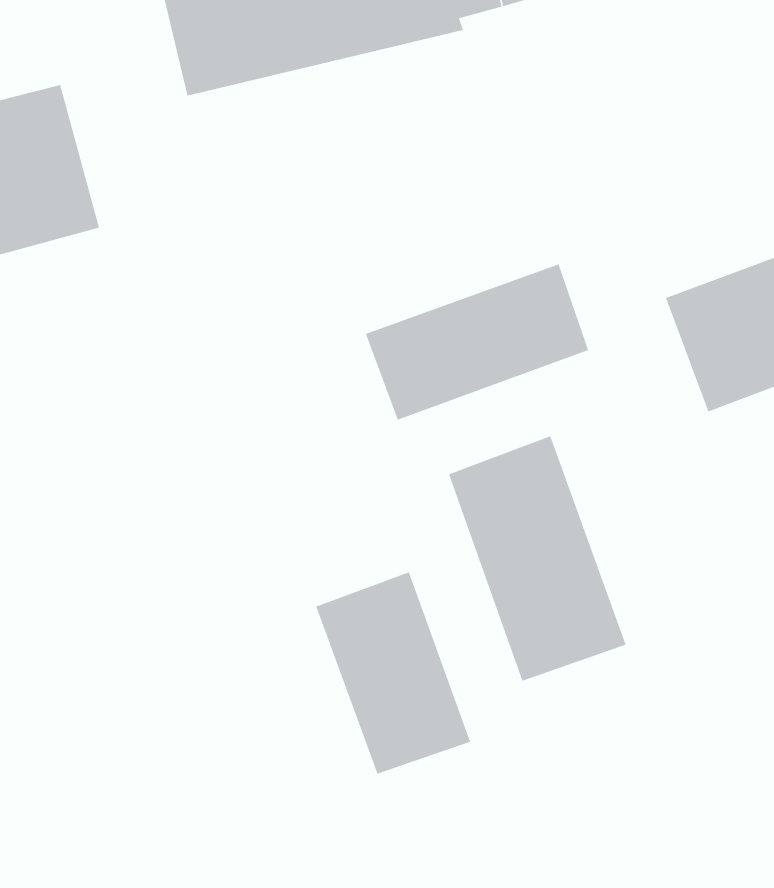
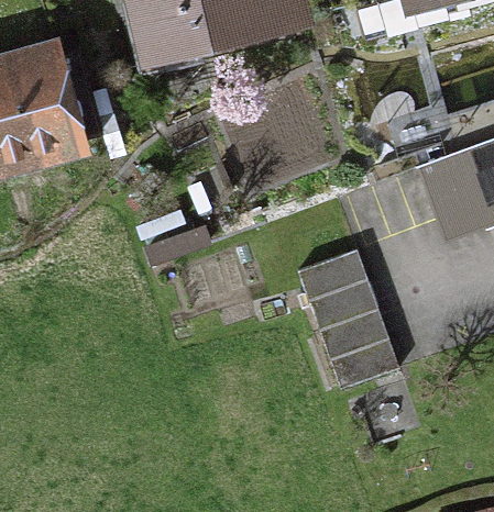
building: [365,264,589,421] -> none
building: [315,572,471,774] -> none

